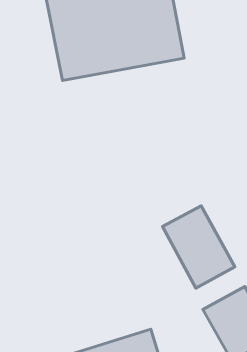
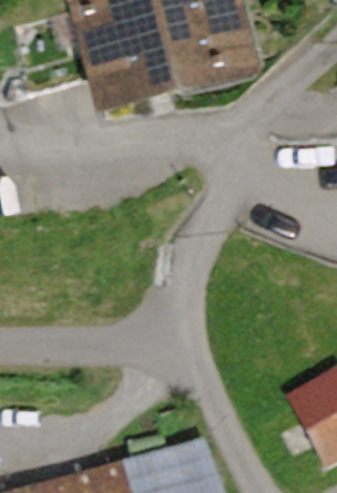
building: [163,206,235,288] -> none

